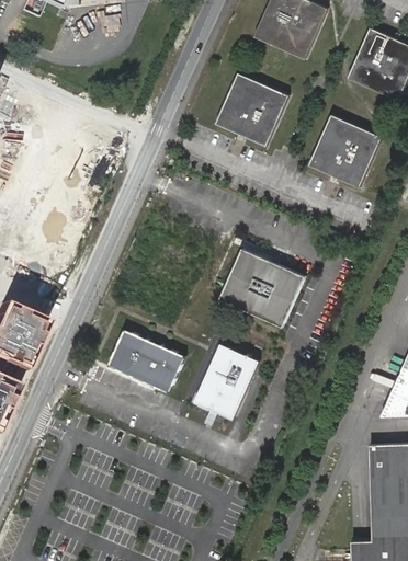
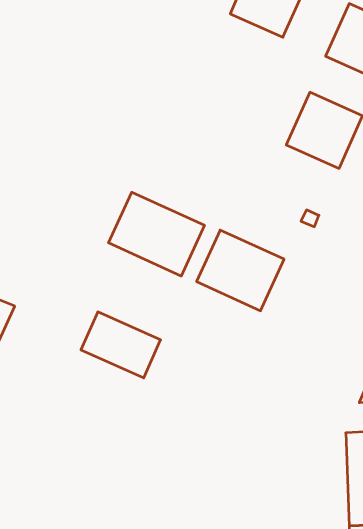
building: [216,71,291,146] -> none
building: none -> [109,192,204,276]
building: [196,343,260,419] -> none

